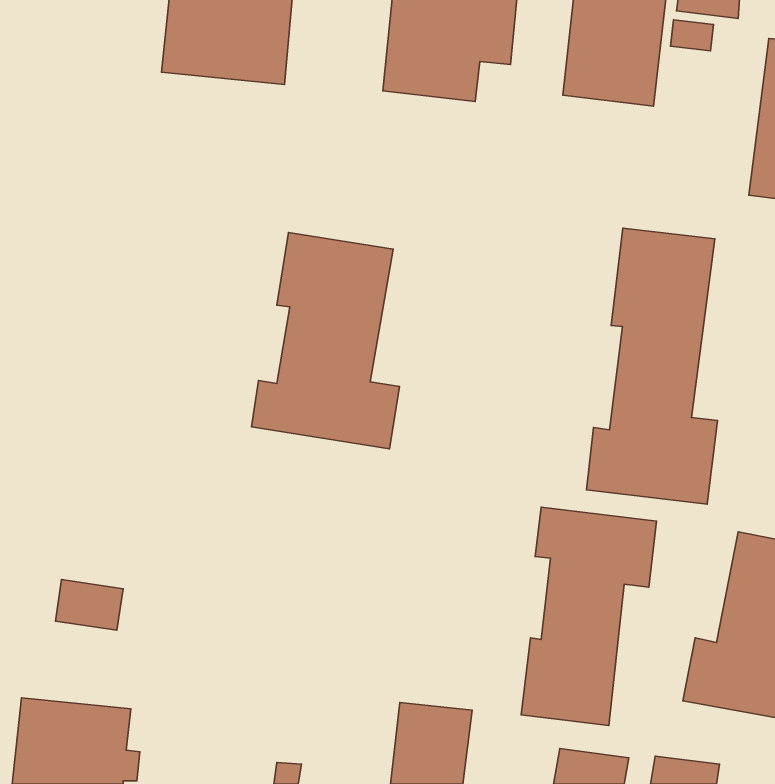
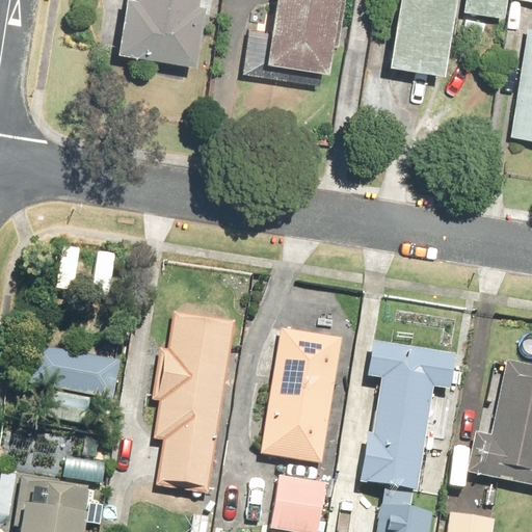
building: [586,228,717,504] -> none
building: [252,233,400,449] -> none
building: none -> [153,310,238,489]
building: none -> [260,328,343,466]
building: none -> [29,347,119,398]

